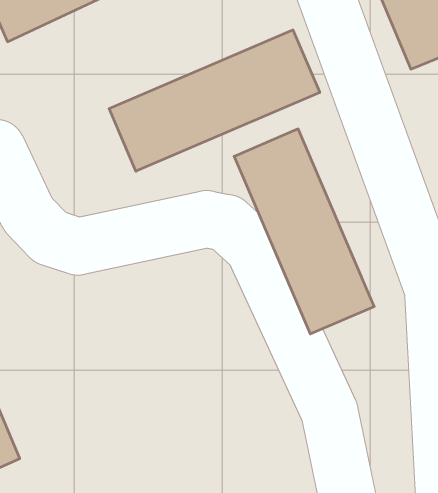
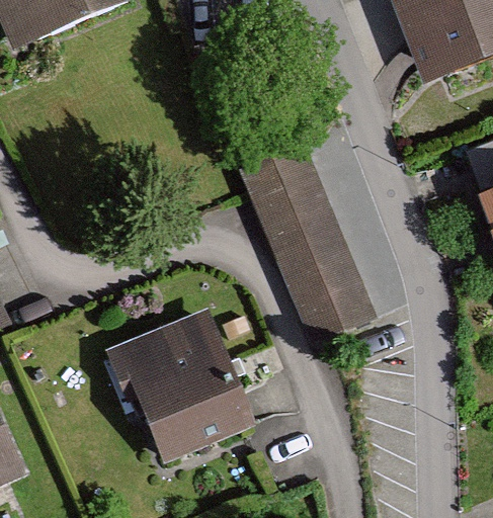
building: [109,30,320,171] -> none
building: none -> [115,313,254,462]

